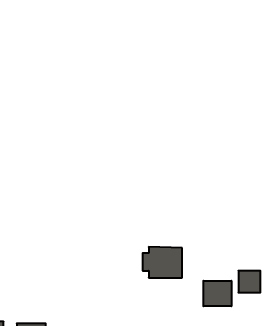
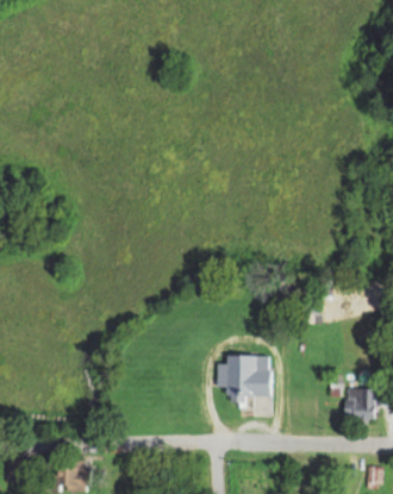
building: [203,281,231,306] -> none

